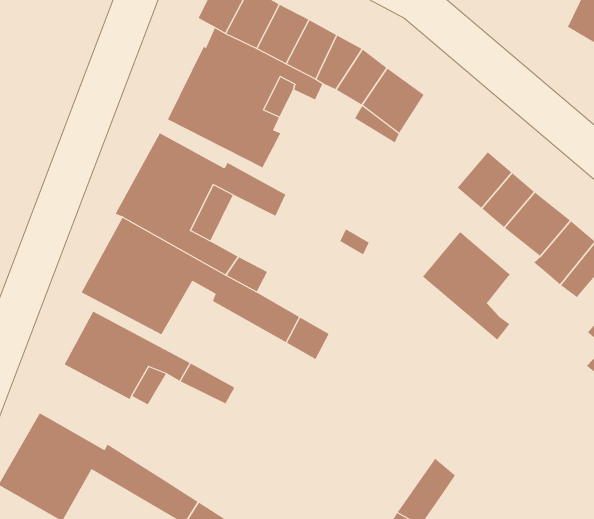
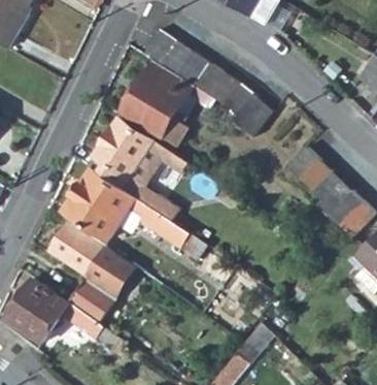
building: [422,231,511,340] -> none
building: none -> [70,279,113,320]

